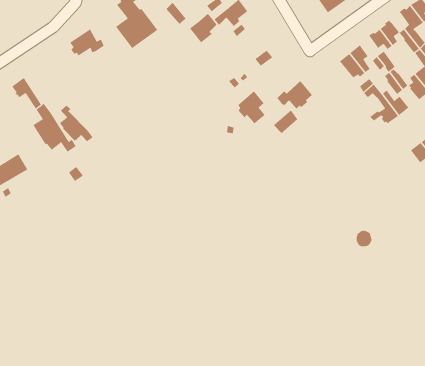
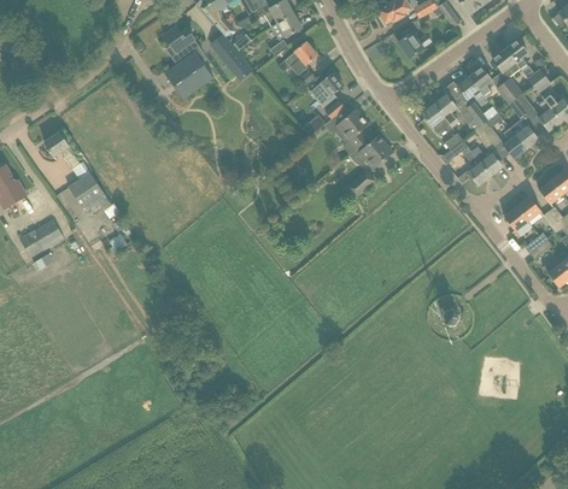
building: [189,13,218,43] -> [310,72,342,107]
building: [69,28,105,57] -> none
building: [237,91,266,124] -> [336,110,369,148]
building: [59,105,93,142] -> none

